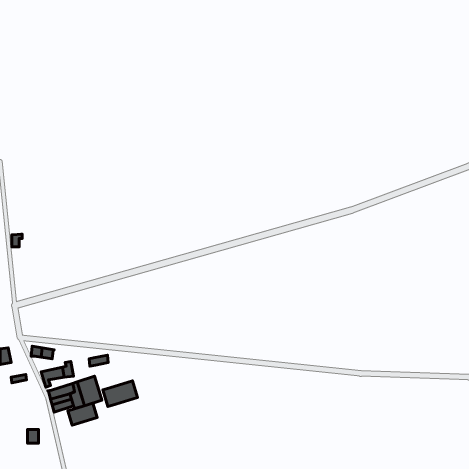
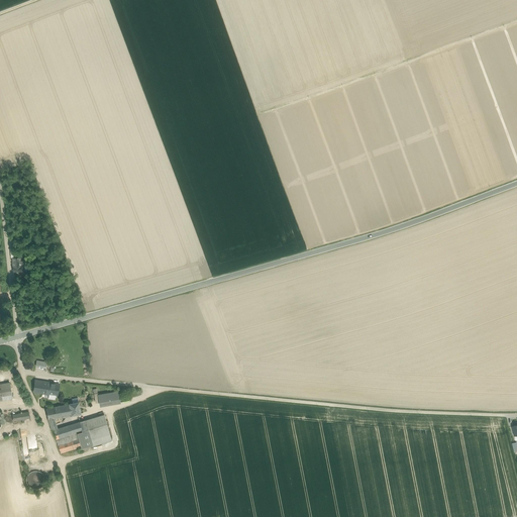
building: [103,381,137,407] -> none
building: [68,403,97,425] -> none

